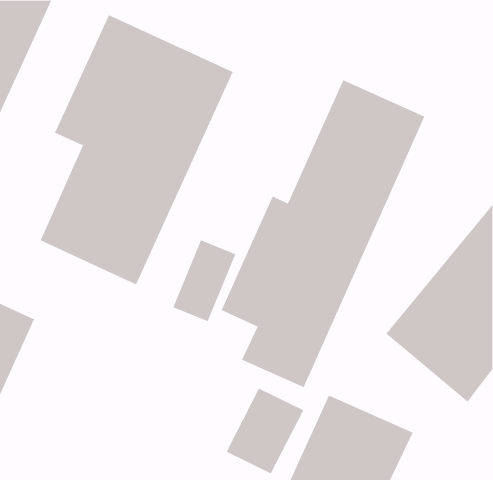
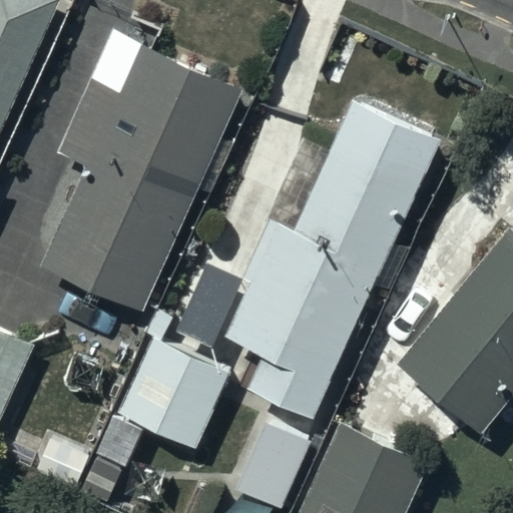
building: none -> [119,338,229,448]

